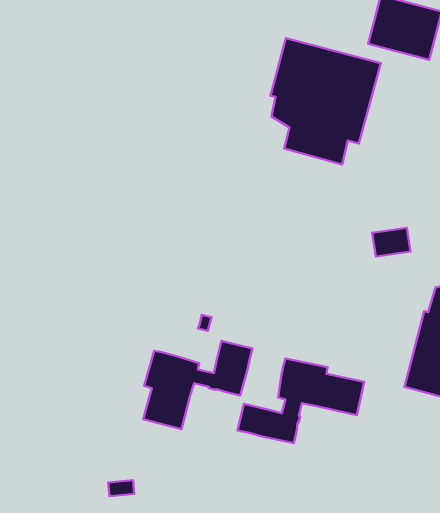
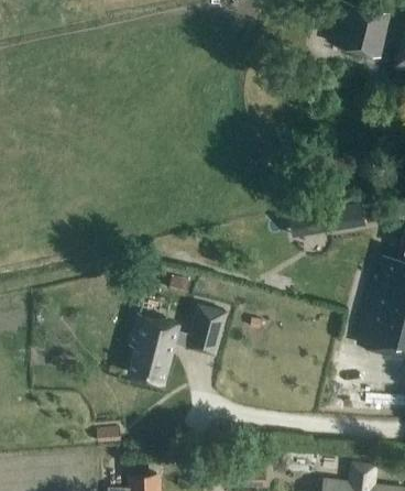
building: [270,38,381,165] -> none
building: [237,359,364,443] -> none

